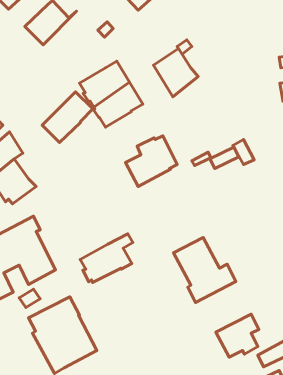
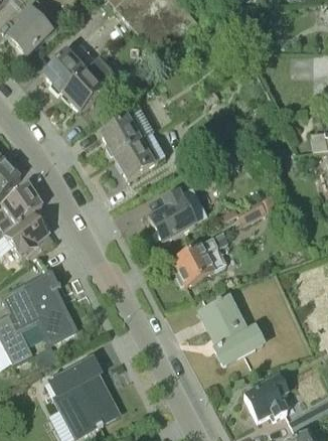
building: [153,49,198,97] -> none
building: [42,92,93,142] -> [62,56,116,110]
building: [80,234,133,283] -> [172,232,227,283]

